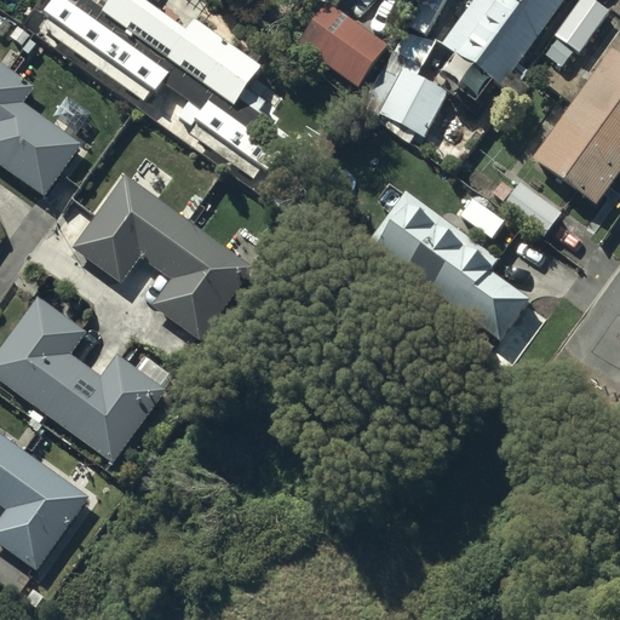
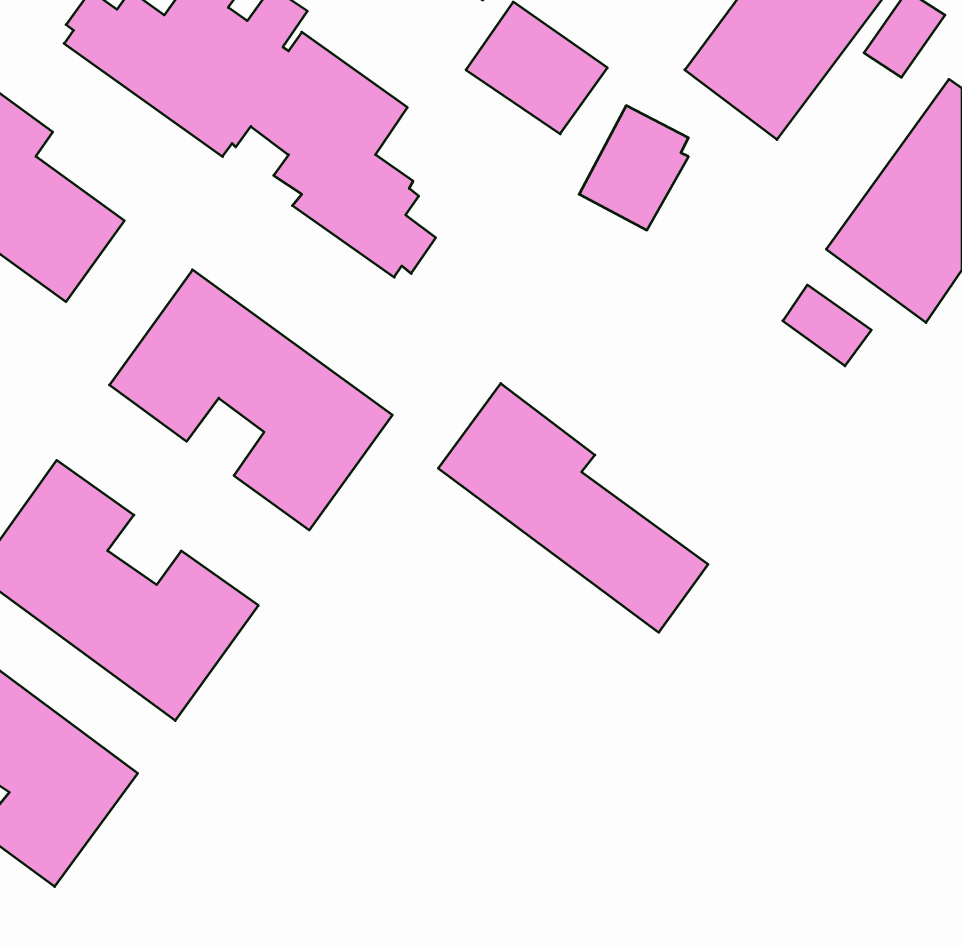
building: [367,190,540,350] -> [438,383,708,632]

